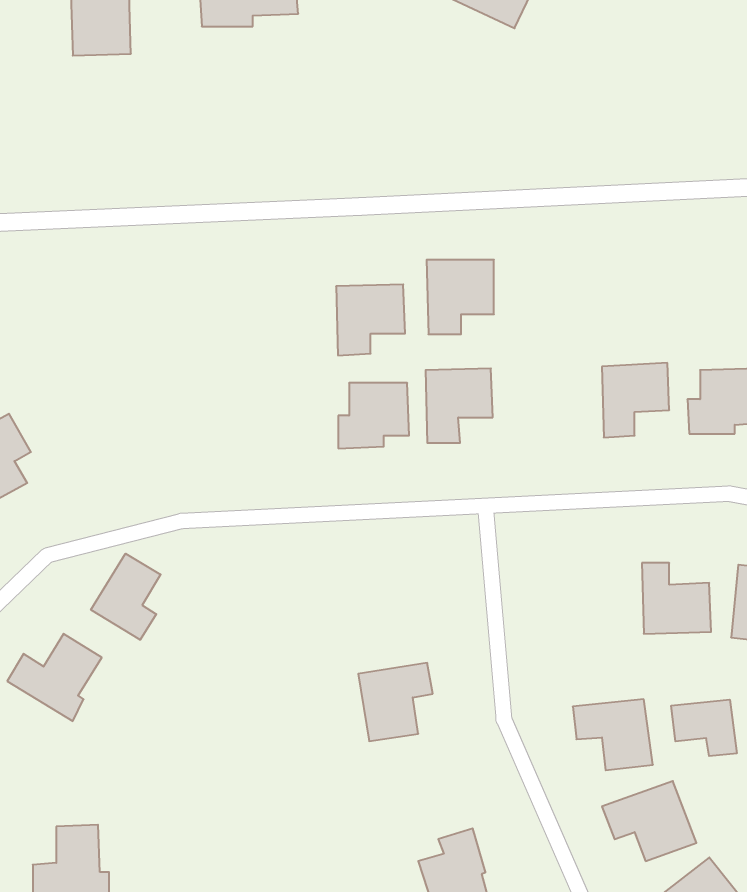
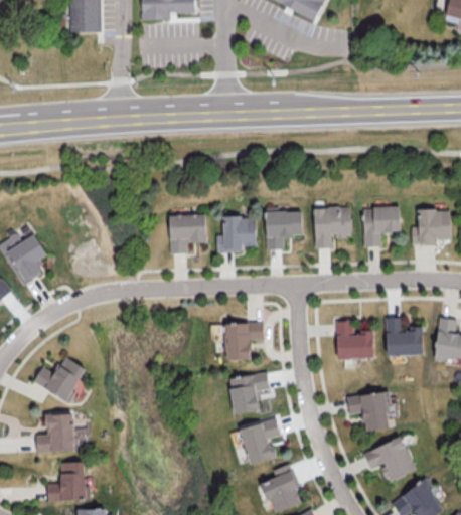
building: [427,260,494,334] -> [314,206,351,247]
building: [336,284,405,355] -> [169,214,207,253]
building: [91,554,161,640] -> none
building: none -> [336,320,374,359]
building: none -> [225,322,264,360]
building: [671,700,737,756] -> none
building: none -> [36,413,86,452]
building: none -> [240,417,281,464]

